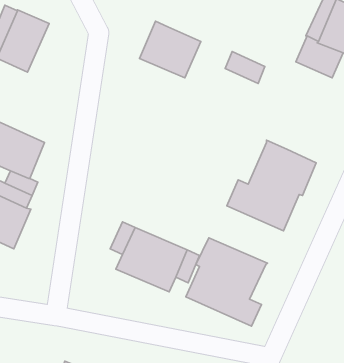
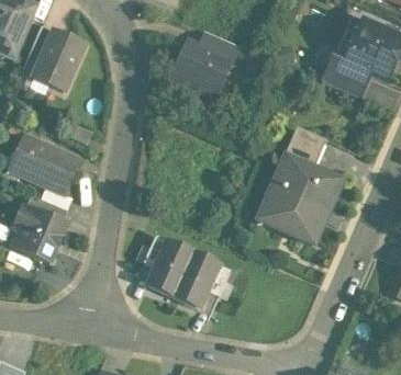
building: [225,52,265,83] -> [198,31,236,61]
building: none -> [283,127,324,166]
building: [186,238,267,326] -> none

